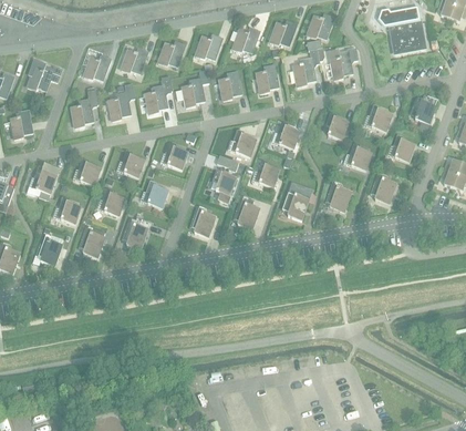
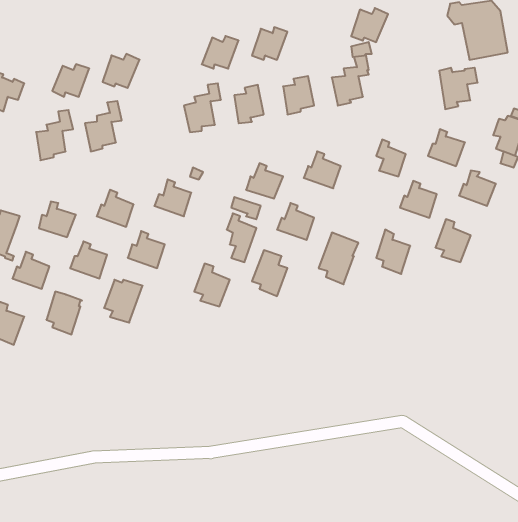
building: [269,21,297,45] -> none
building: [157,41,185,66] -> none
building: [329,49,358,80] -> [439,68,478,109]
building: [145,75,173,114] -> none

